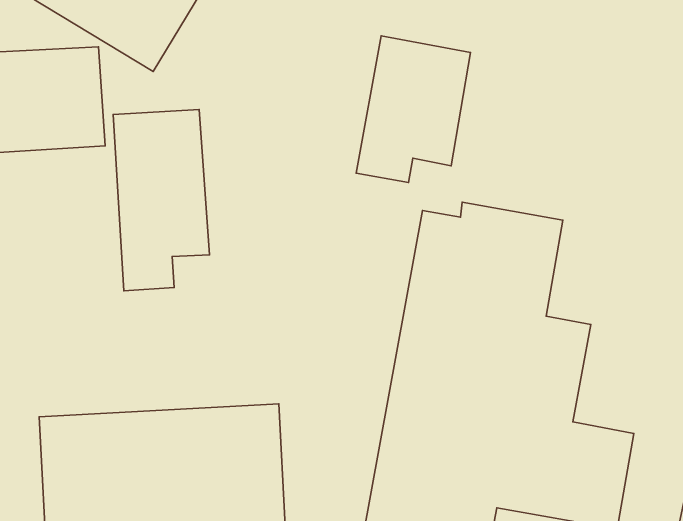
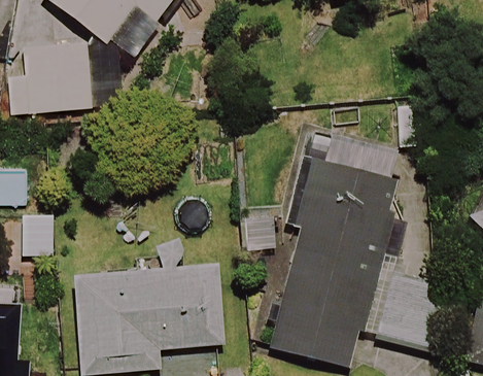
building: [356,36,471,182] -> none
building: [113,110,210,291] -> none

